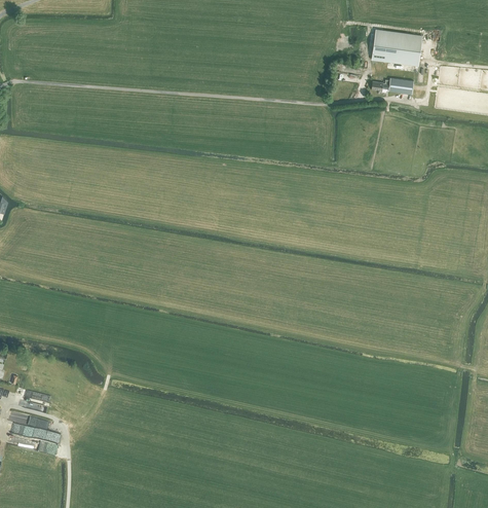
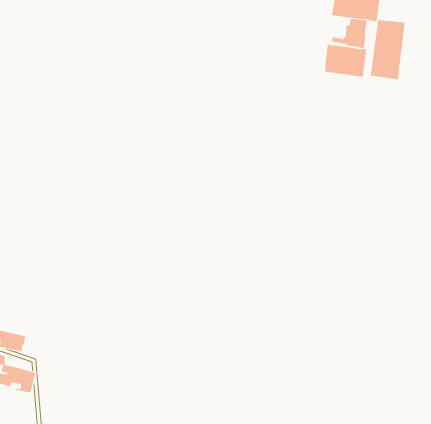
building: none -> [370,19,405,80]
building: none -> [324,44,367,77]

